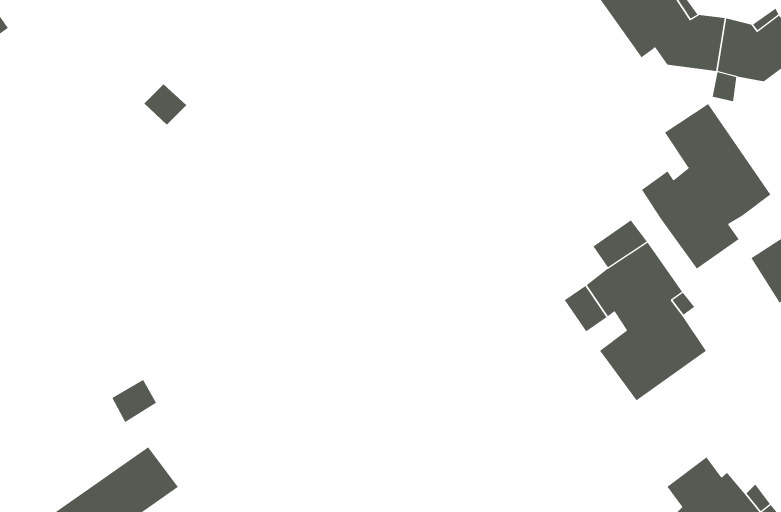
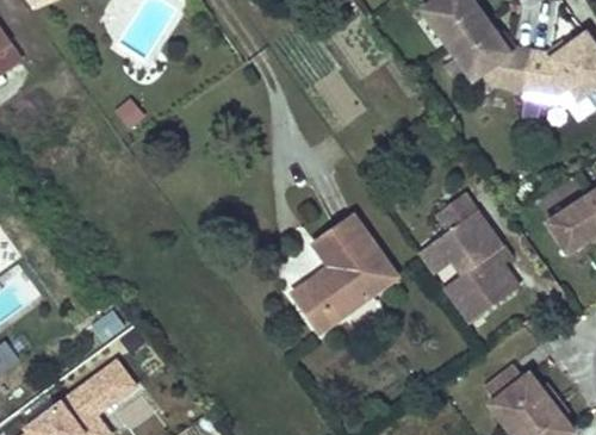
building: [641,103,771,269] -> none
building: none -> [294,217,396,329]

